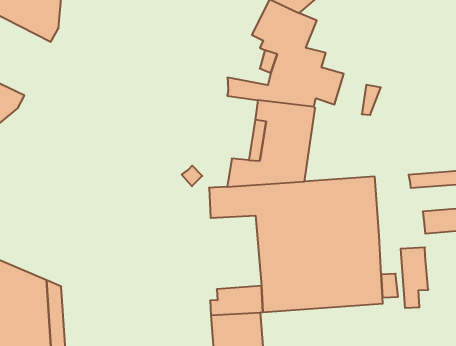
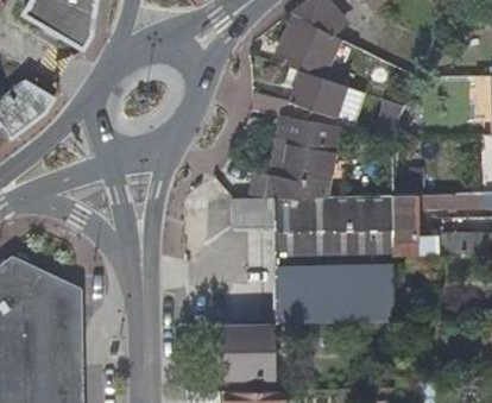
building: [401,247,428,308] -> [392,197,417,256]

